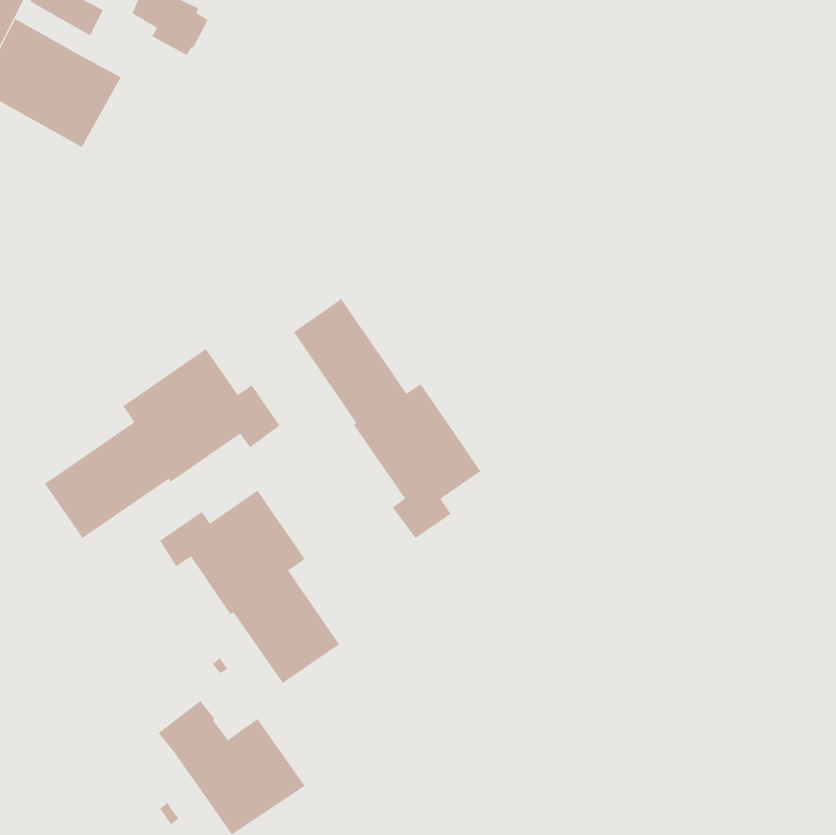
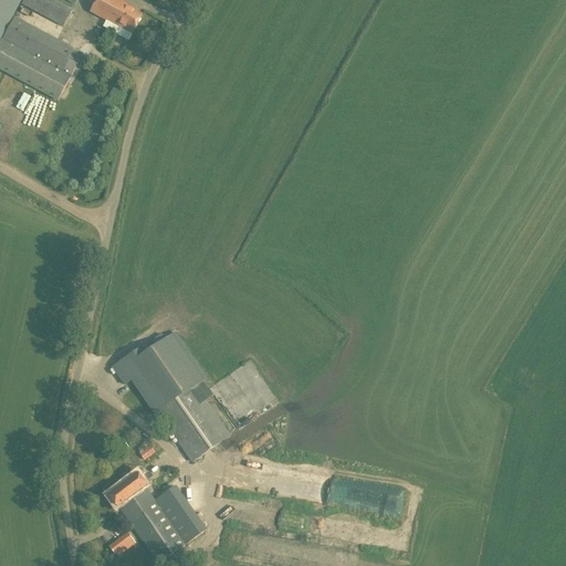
building: [293,298,481,539] -> none
building: [44,348,280,539] -> none

